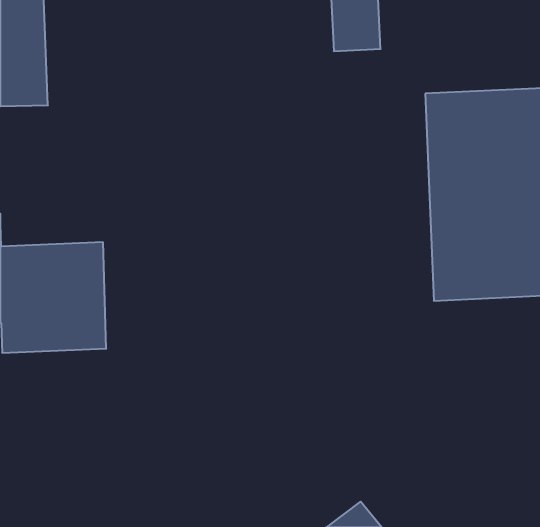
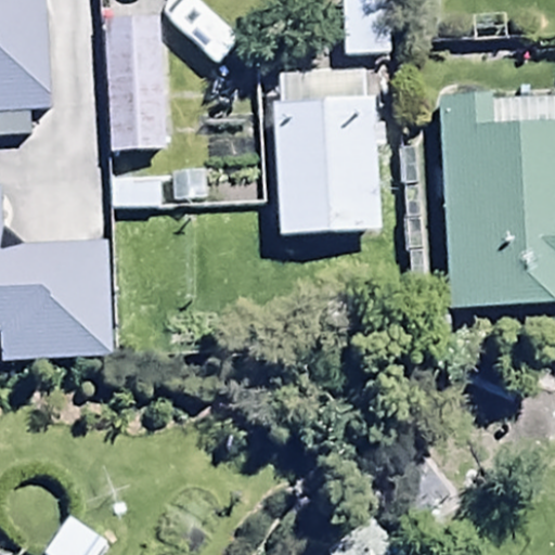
building: none -> [104,13,171,152]
building: none -> [272,61,378,233]

